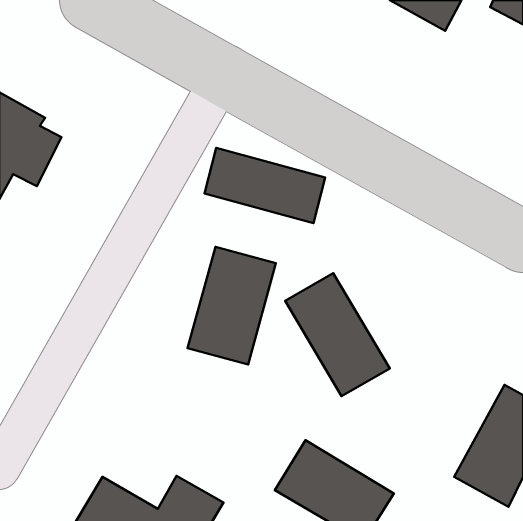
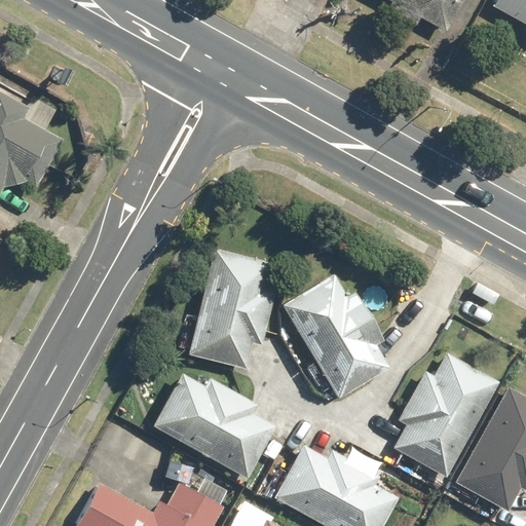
building: [205,148,325,223] -> none
building: none -> [390,351,494,472]
building: none -> [150,367,276,479]

